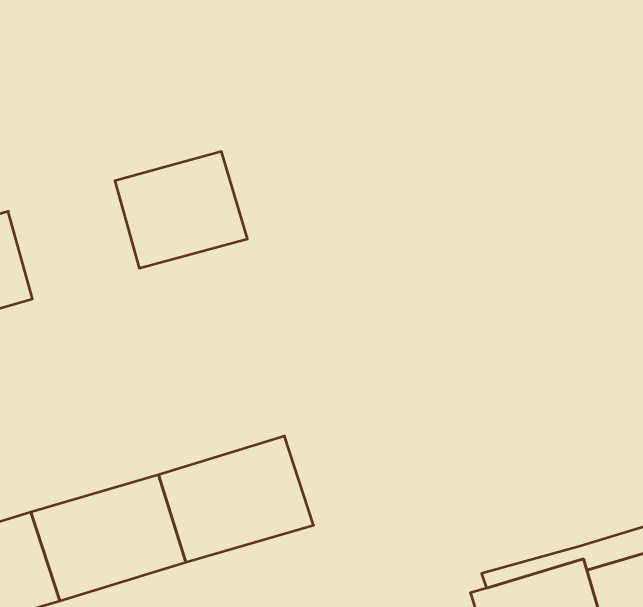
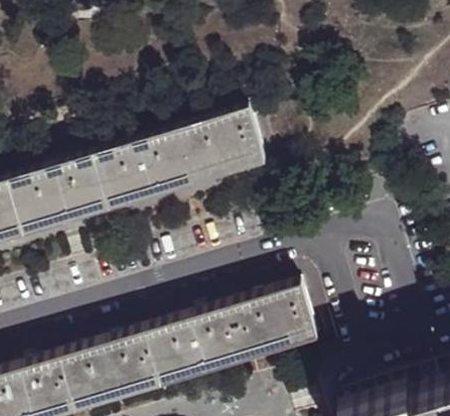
building: none -> [182,110,265,183]
building: none -> [49,147,131,221]
building: none -> [221,282,319,362]

